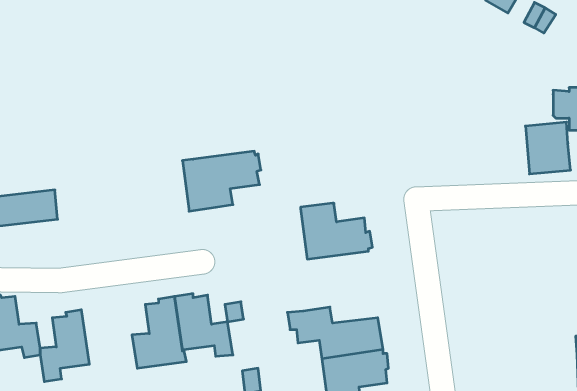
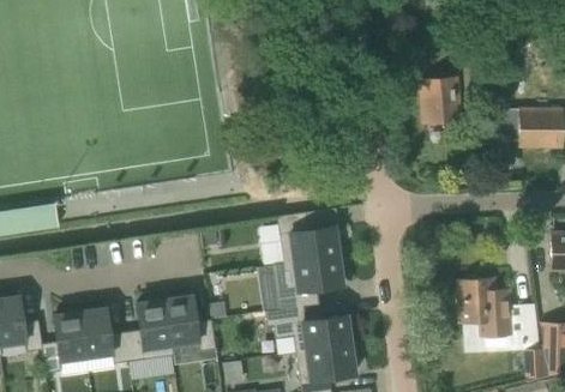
building: [525,122,571,174] -> [420,78,461,125]
building: [182,151,261,211] -> [274,257,344,310]
building: none -> [457,279,512,354]
building: none -> [79,308,130,364]

